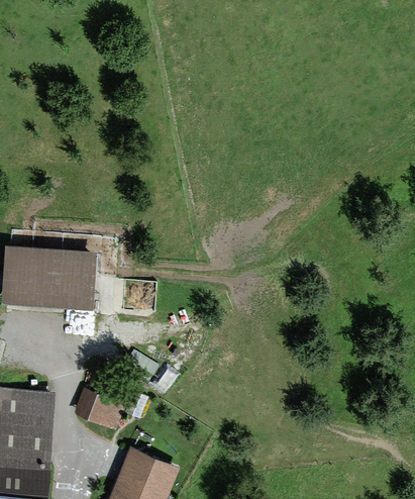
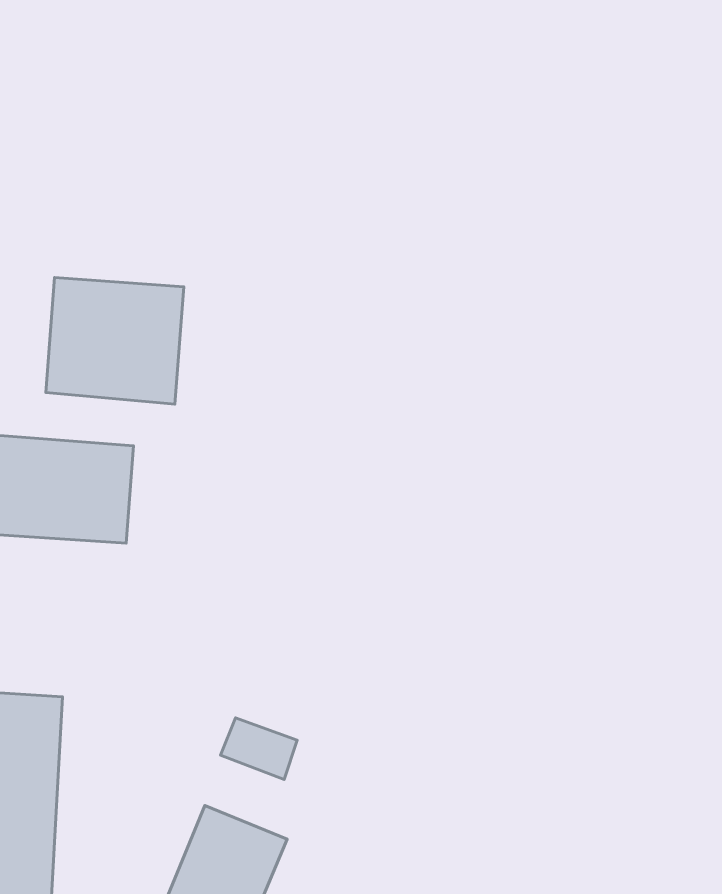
building: none -> [46,277,184,404]
building: [78,391,119,424] -> [220,718,297,780]

